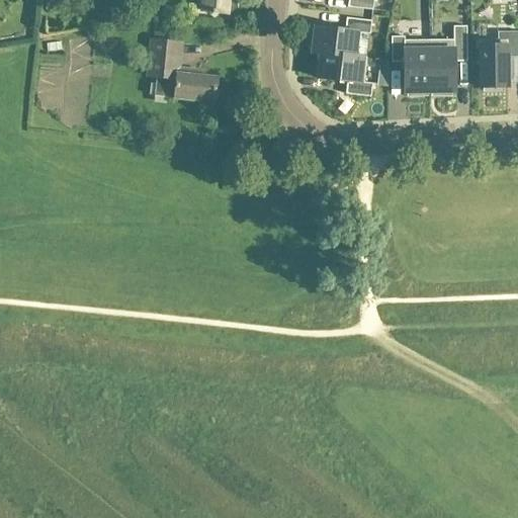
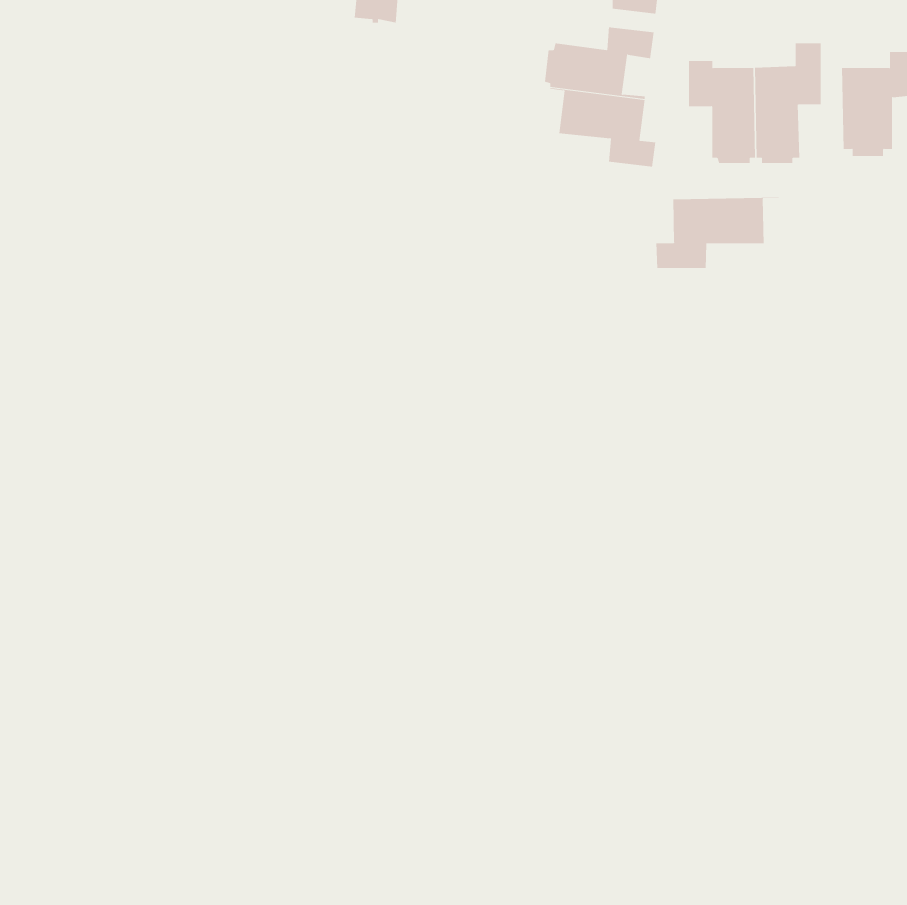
building: [148,39,219,102] -> none
building: none -> [656,197,779,269]

